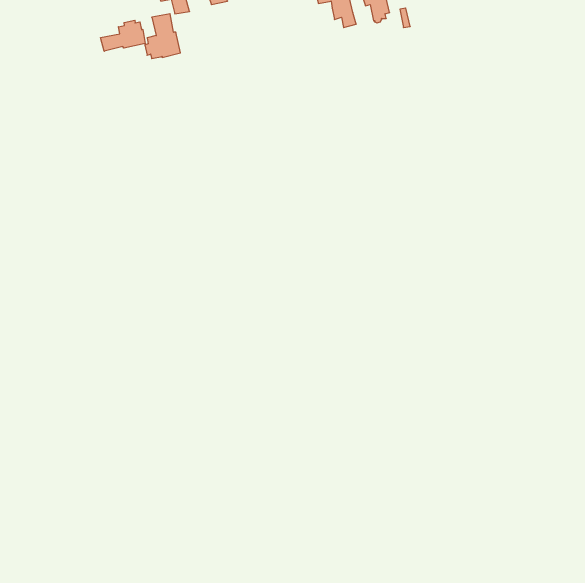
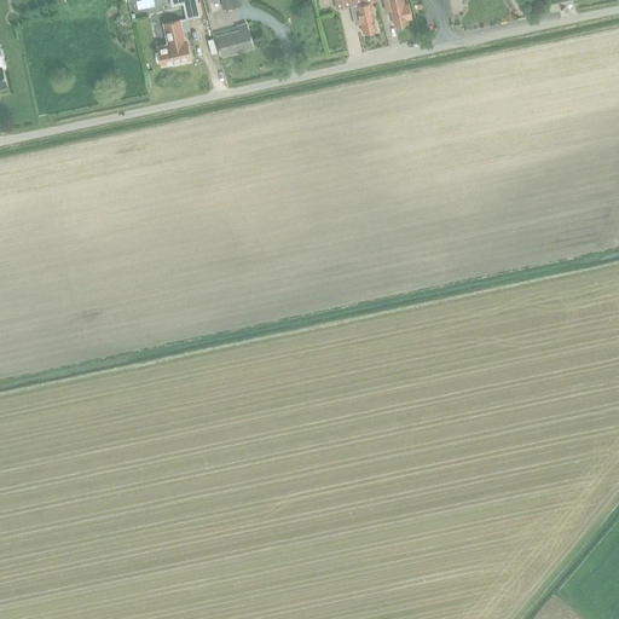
building: none -> [215,19,250,51]
building: [101,20,145,51] -> none

